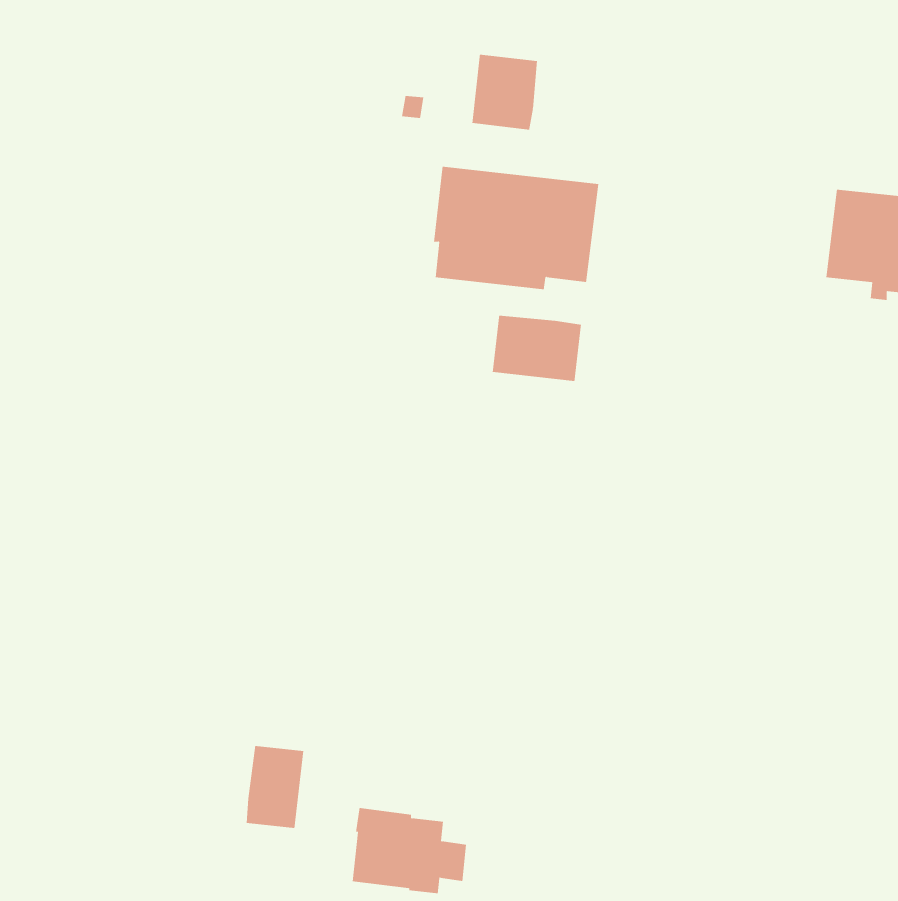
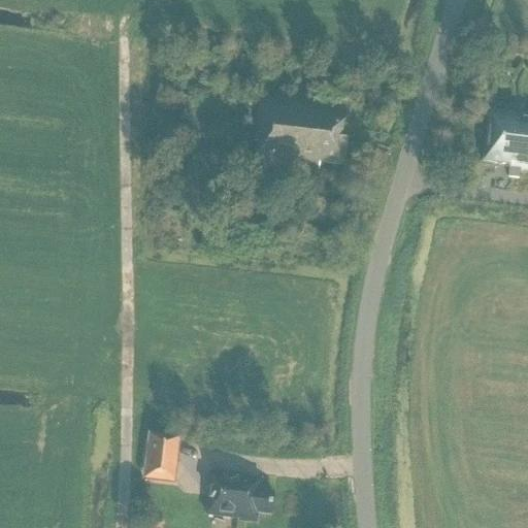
building: [472,54,538,130] -> none
building: [492,315,582,382] -> none

